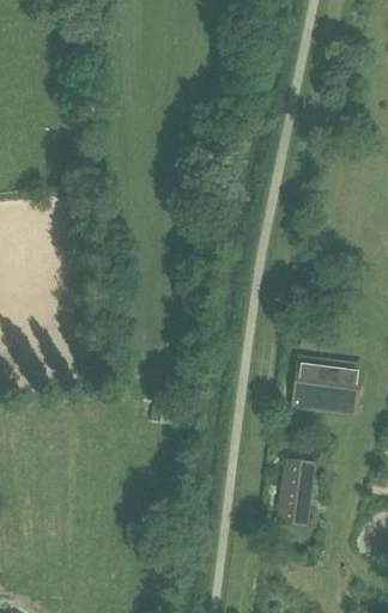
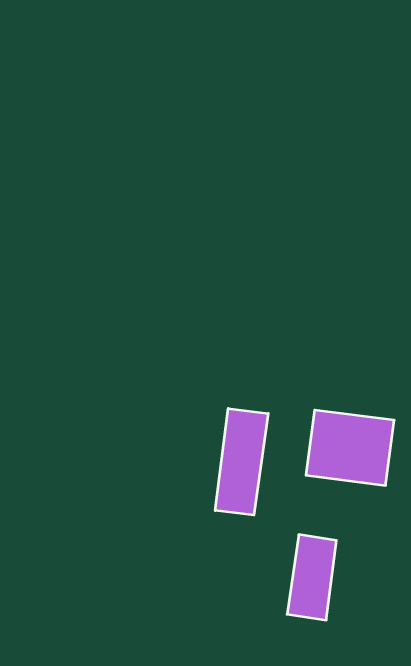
building: none -> [215,408,268,515]

